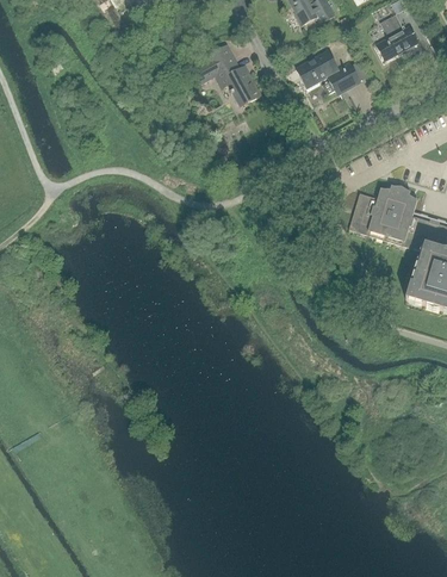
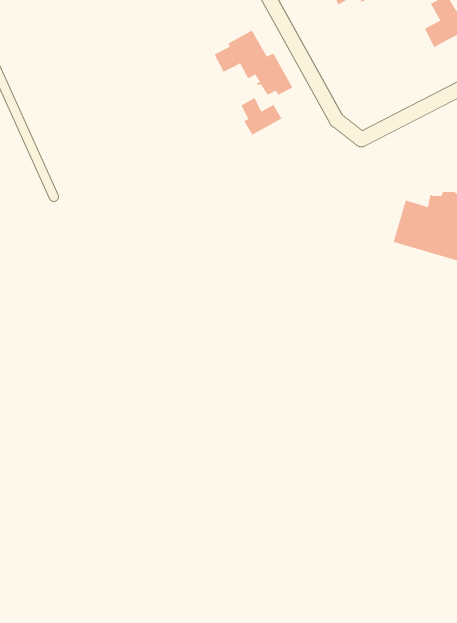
building: [297,49,361,94] -> none
building: none -> [241,97,282,136]

